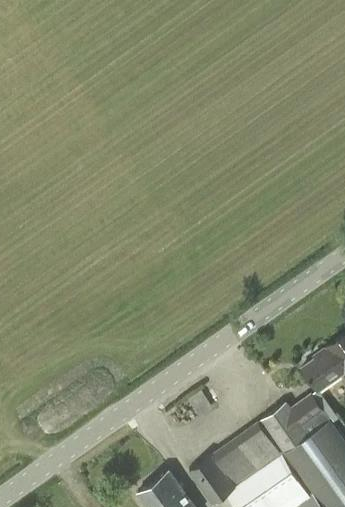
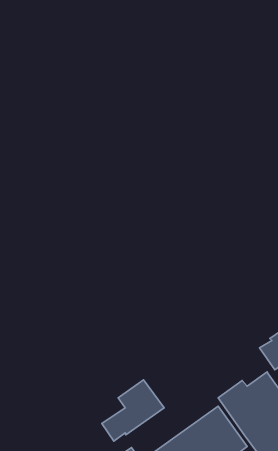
building: none -> [102,380,164,441]

